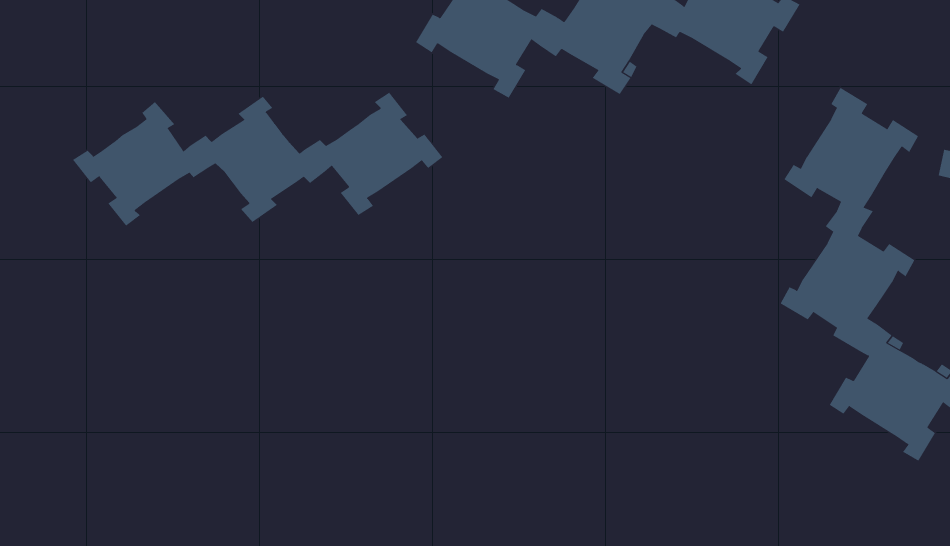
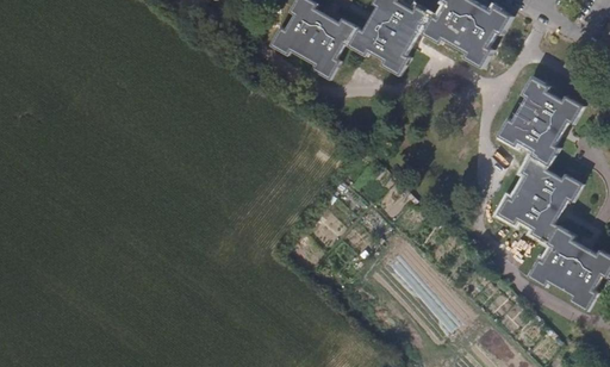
building: [72,92,443,227] -> none

